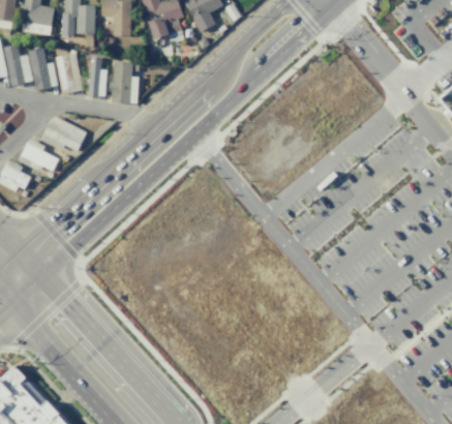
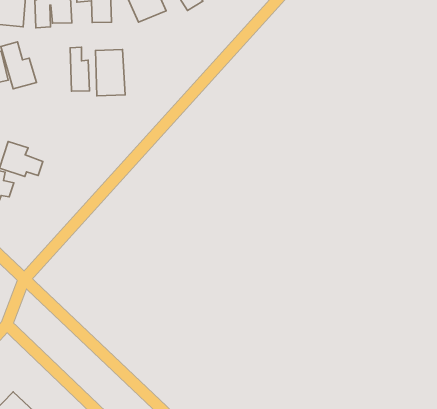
building: [55,53,83,93] -> none
building: [40,115,87,151] -> none

